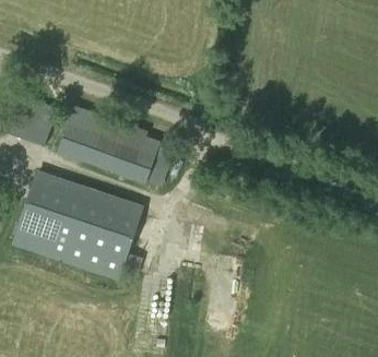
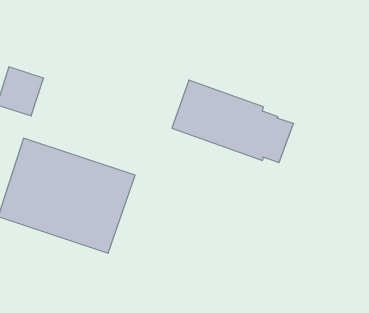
building: [55,105,174,186] -> [172,80,294,163]

